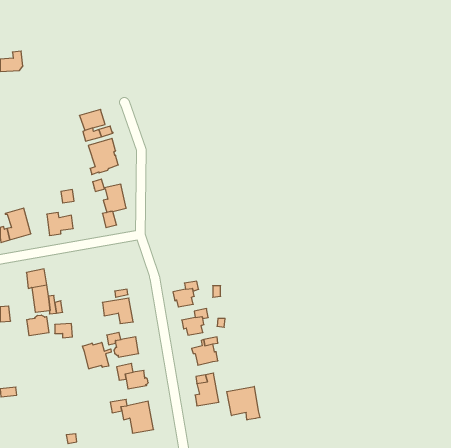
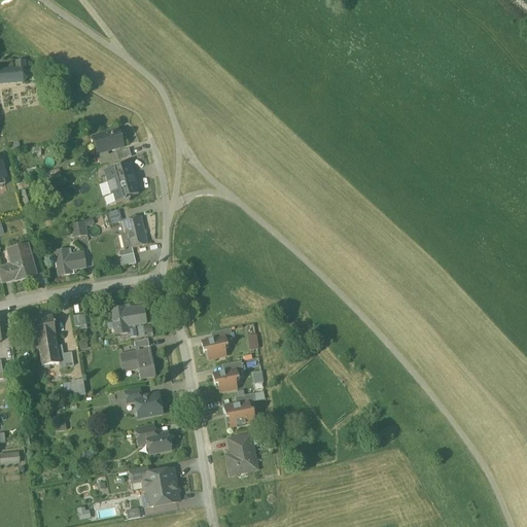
building: none -> [111,305,145,332]
building: [27,315,49,336] -> none
building: [82,342,111,369] -> none
building: [227,386,260,420] -> none

